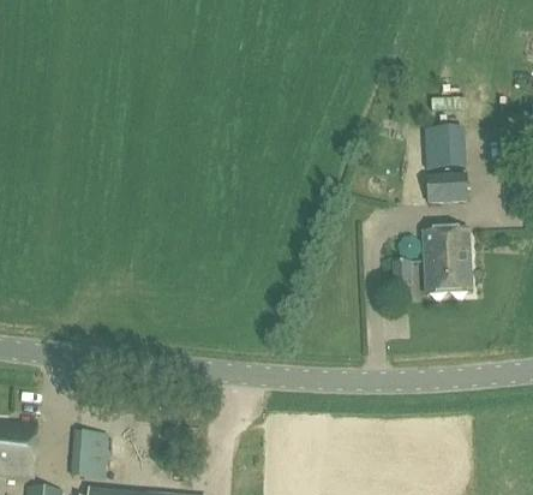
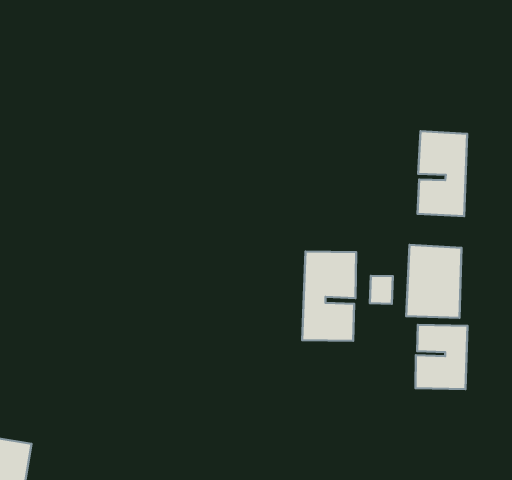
building: none -> [302,251,356,341]
building: none -> [416,325,468,389]

